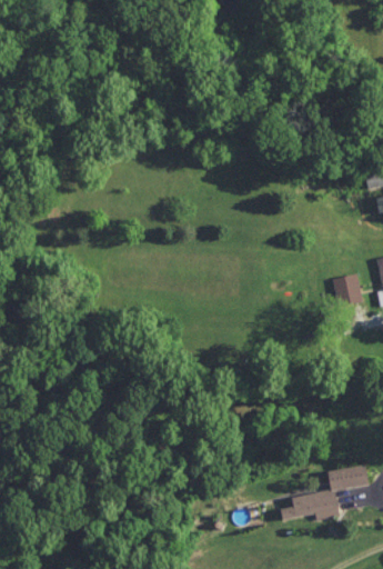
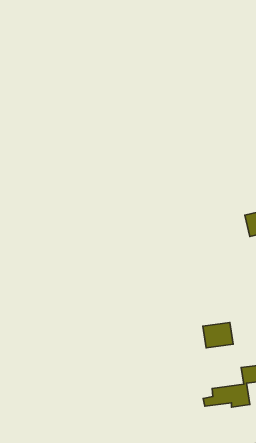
building: none -> [203,322,233,348]

